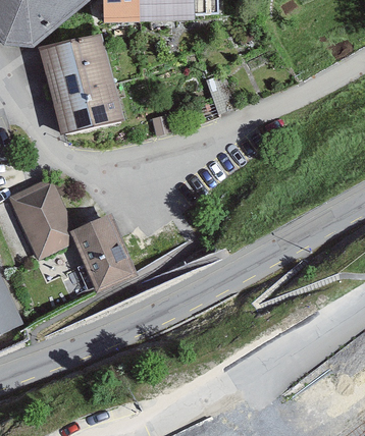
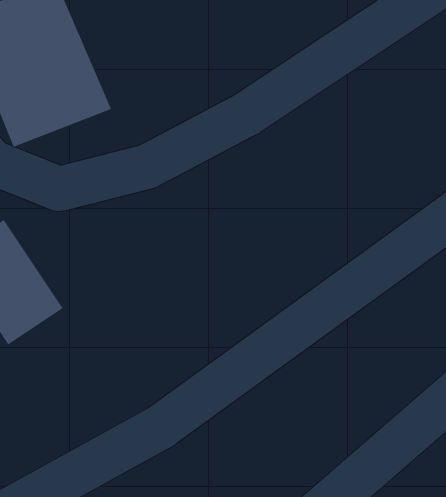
building: [73,218,135,289] -> none

